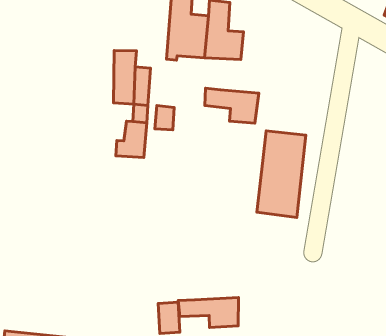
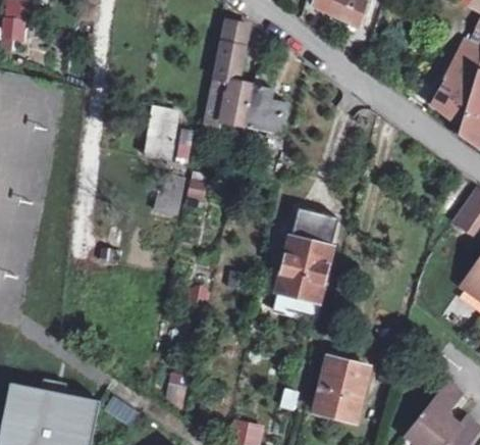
building: [205,88,259,123] -> none
building: none -> [316,359,369,422]
building: [178,297,238,327] -> none

